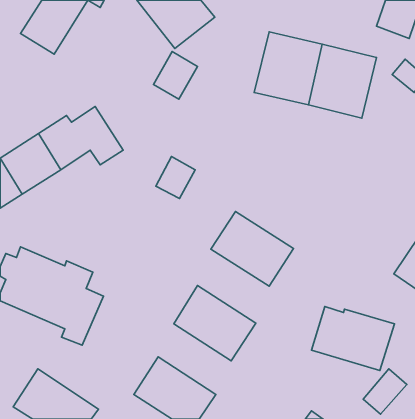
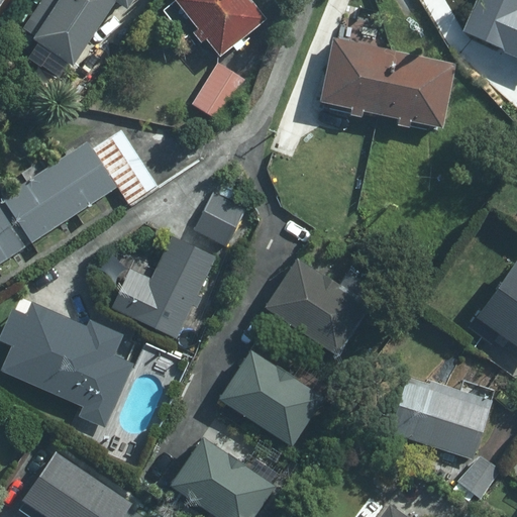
building: none -> [112,237,215,337]

